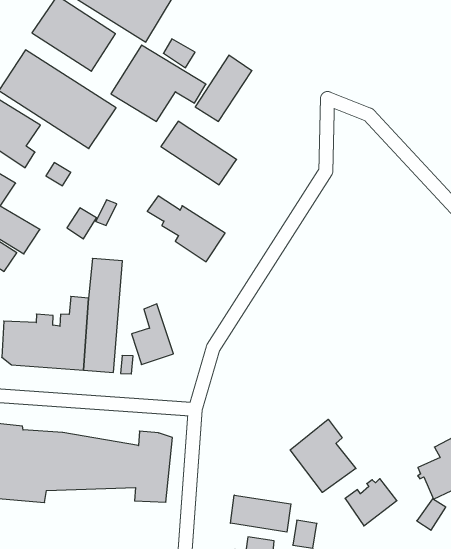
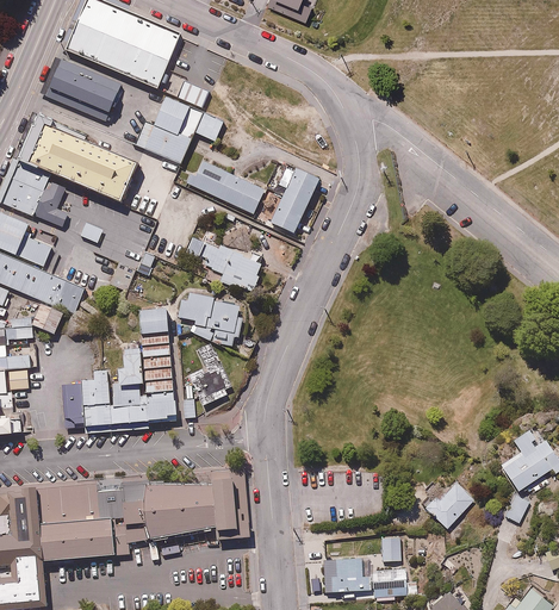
building: [195,55,252,121] -> [269,167,319,234]
building: none -> [178,292,242,344]
building: [290,419,356,492] -> none
building: [230,495,291,532] -> none

